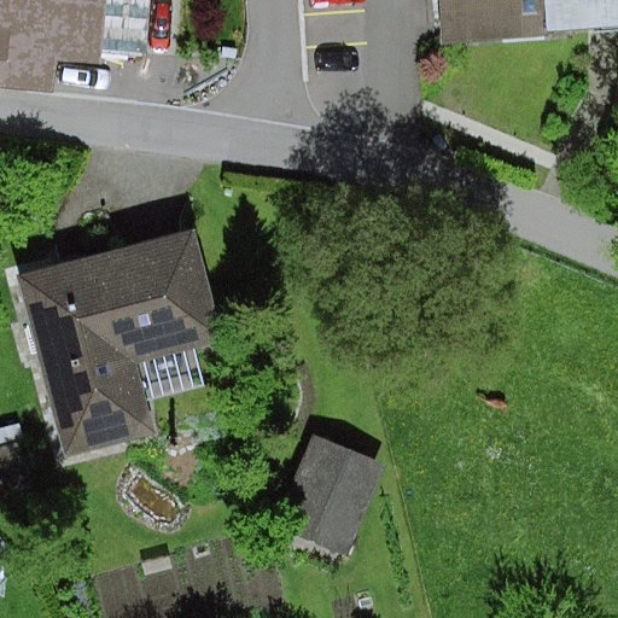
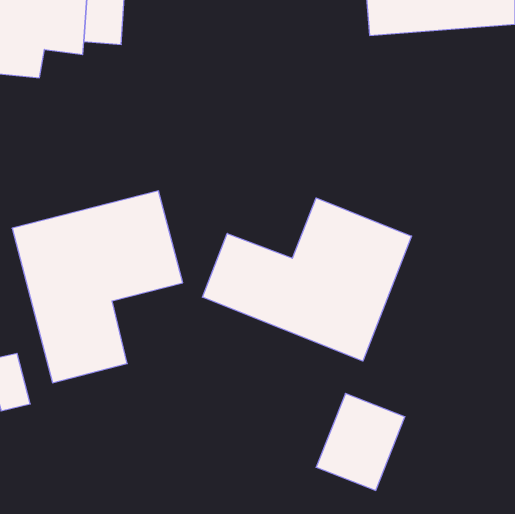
building: none -> [202,198,412,361]
building: [287,437,393,553] -> [316,393,405,490]

